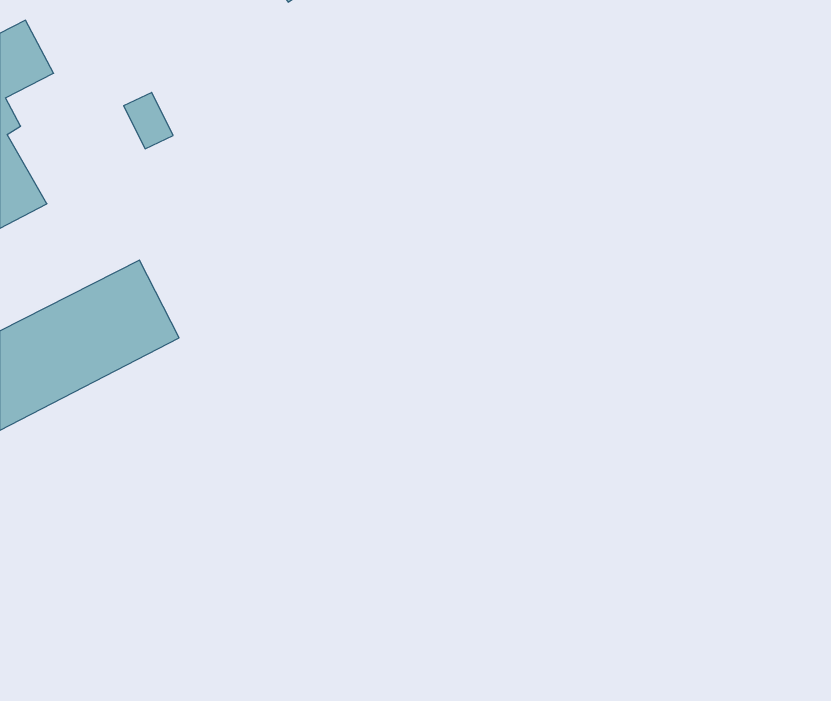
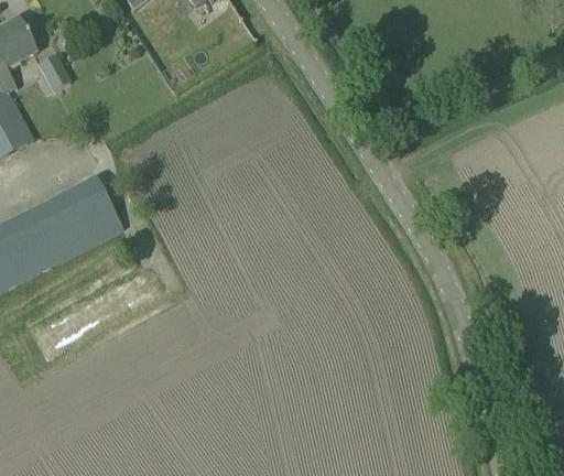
building: [124,92,173,149] -> [36,53,69,90]

